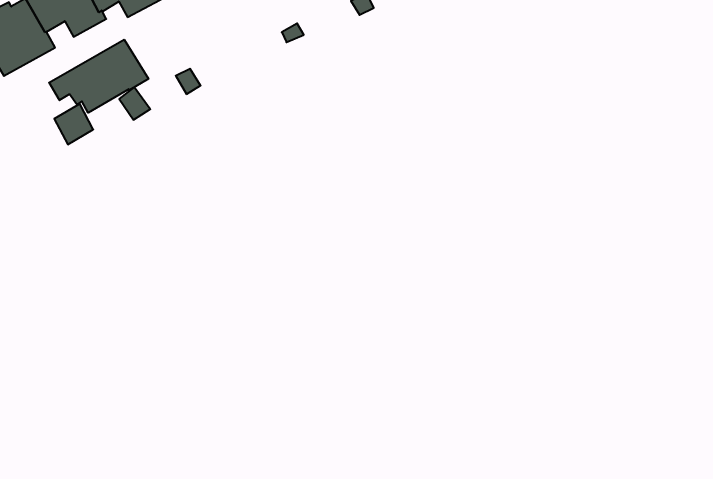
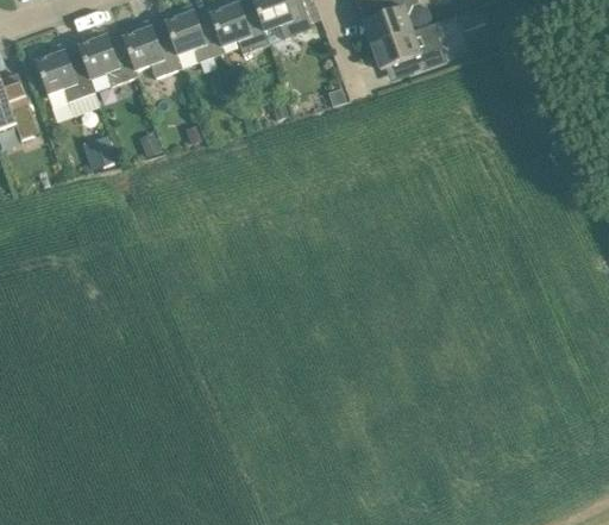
building: [49,40,148,113] -> none

